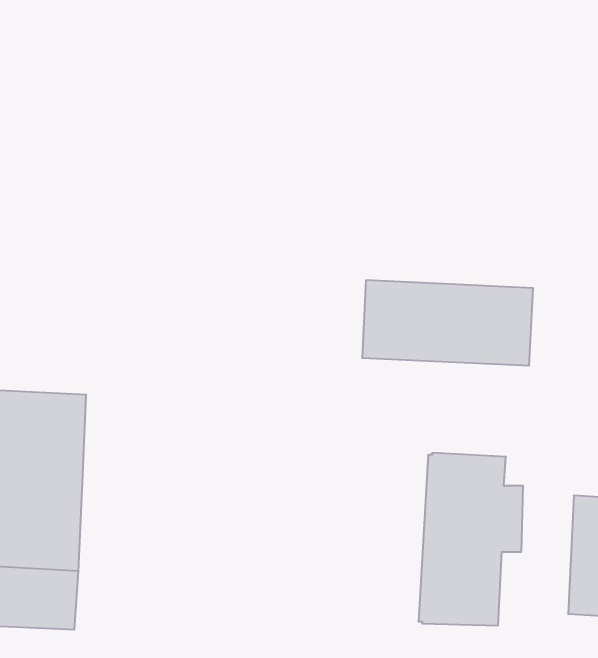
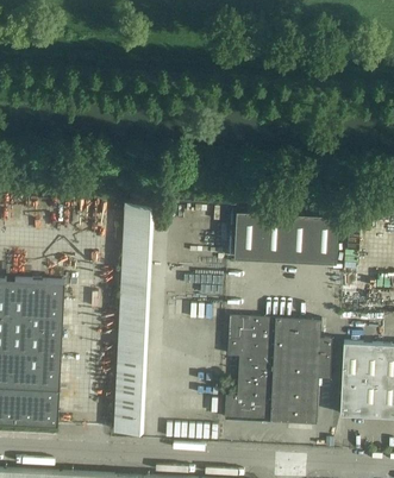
building: none -> [113,202,154,433]
building: none -> [225,315,274,421]
building: none -> [340,342,363,416]

